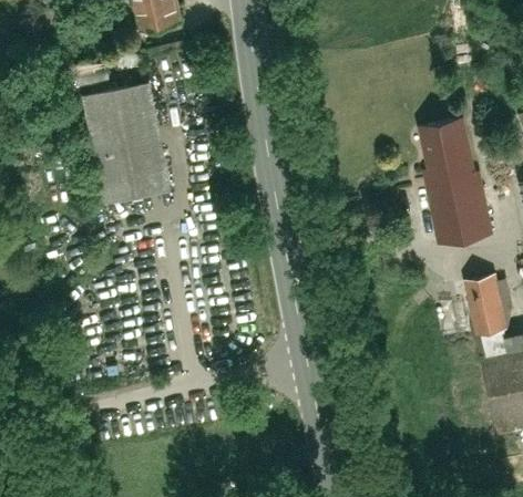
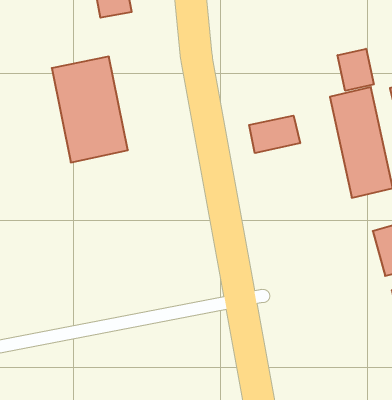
building: none -> [338,49,374,91]
building: none -> [249,116,300,153]

